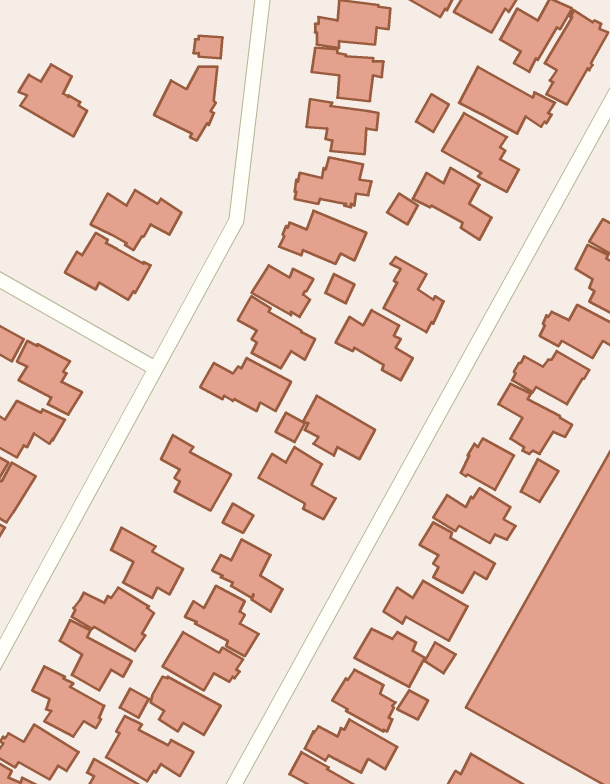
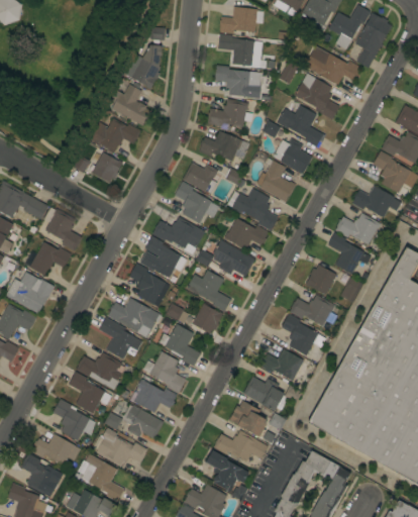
building: [19,64,87,136] -> [110,84,150,126]
building: none -> [273,138,312,175]
building: none -> [225,218,269,249]
building: none -> [139,235,187,278]
building: none -> [107,298,159,336]
building: none -> [192,303,223,333]

